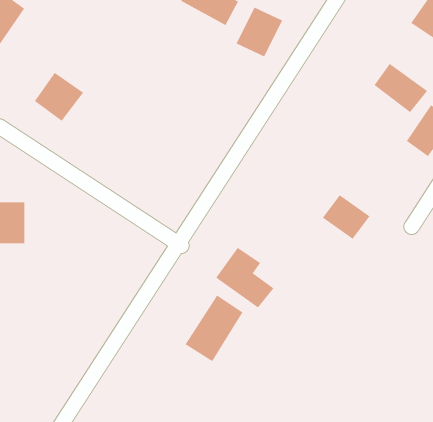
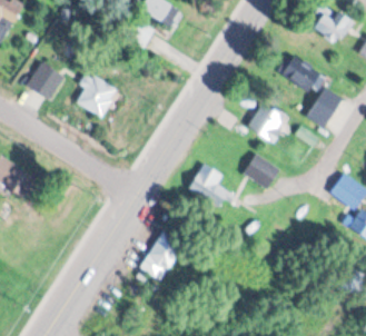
building: [236,7,283,57] -> none
building: none -> [76,71,118,118]
building: none -> [247,102,288,144]
building: [215,247,274,309] -> [188,164,233,210]

